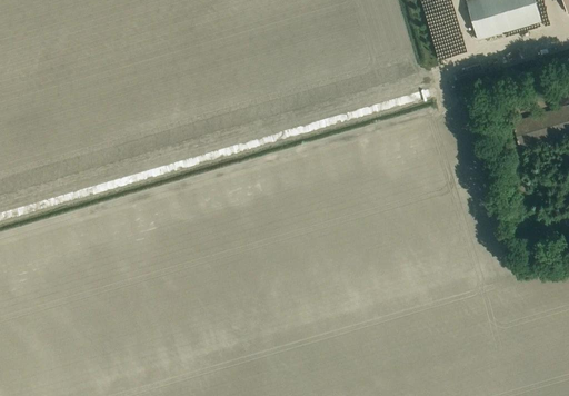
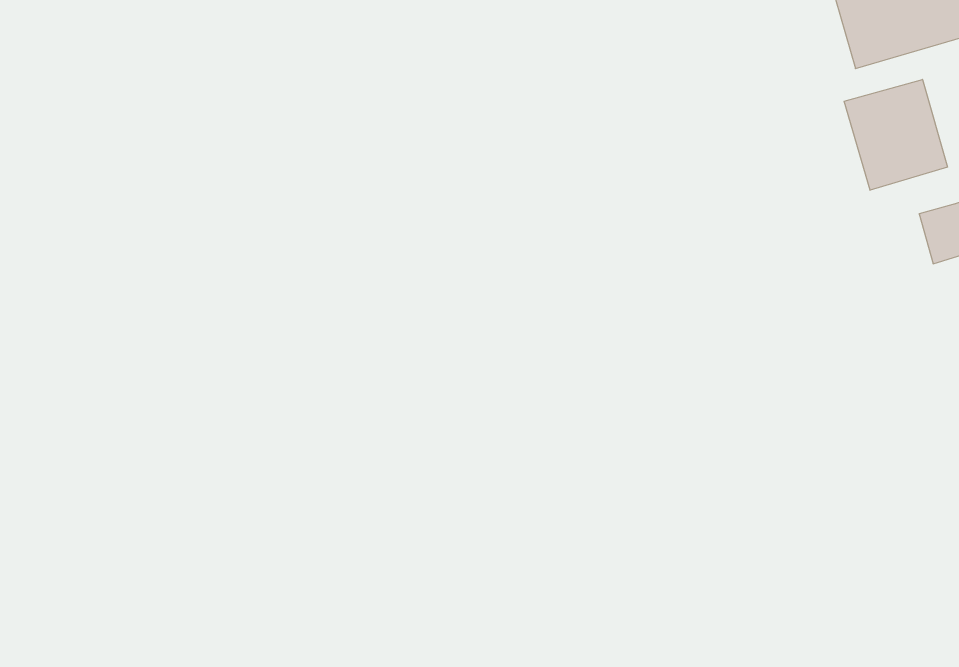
building: none -> [844,79,947,190]

